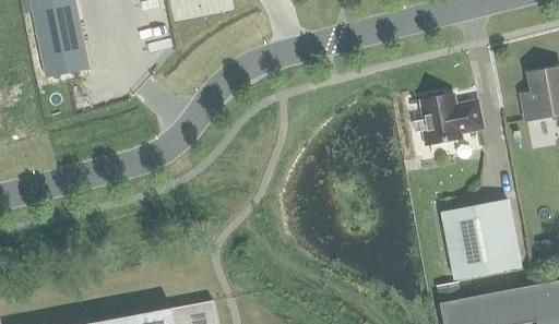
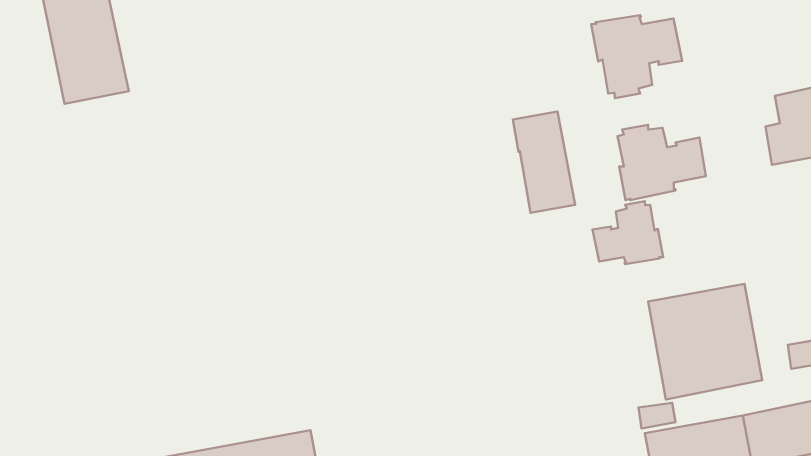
building: none -> [591,15,682,98]
building: none -> [513,112,575,213]
building: none -> [593,201,663,264]

